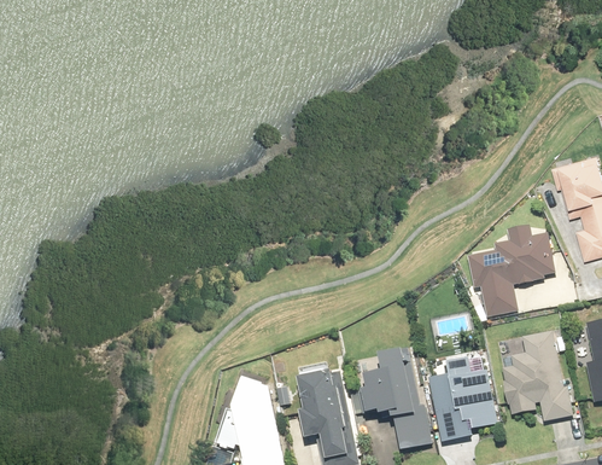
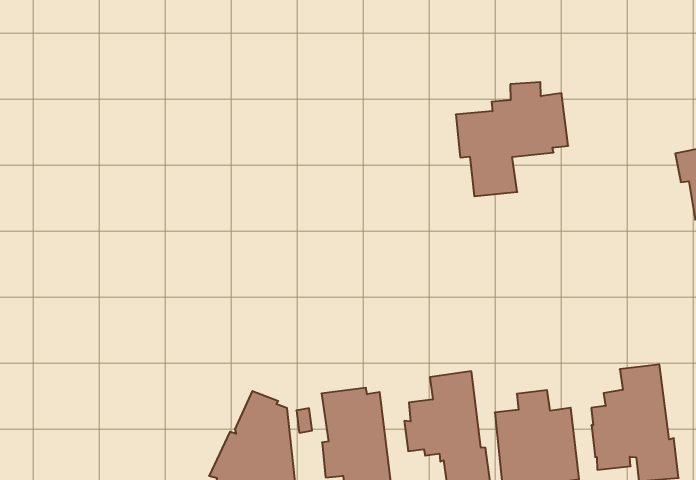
building: [467,225,555,316] -> [456,82,568,196]

